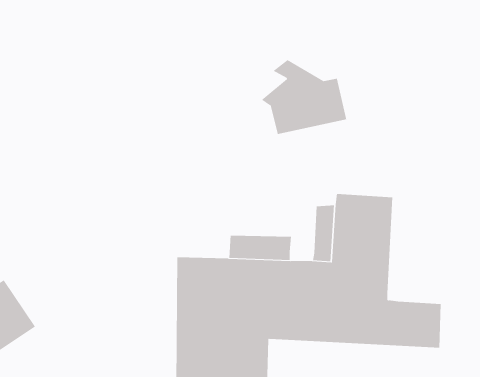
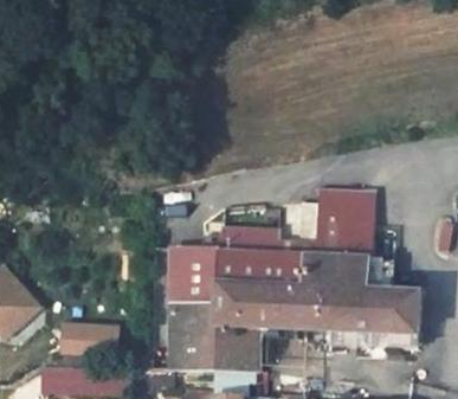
building: [261,59,347,135] -> none
building: none -> [63,323,114,355]

